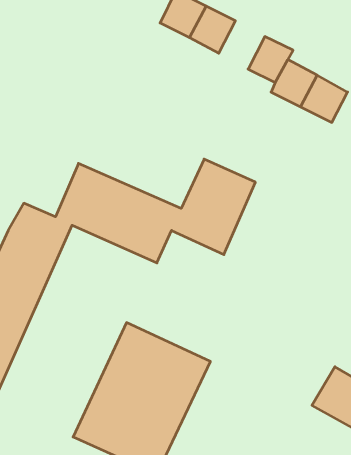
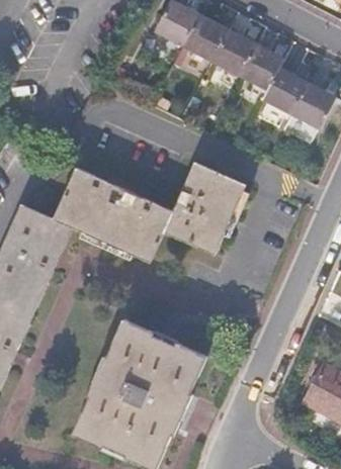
building: none -> [212,30,257,77]

